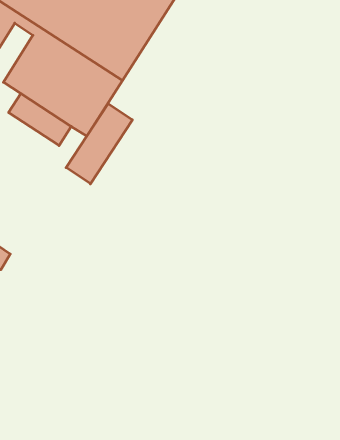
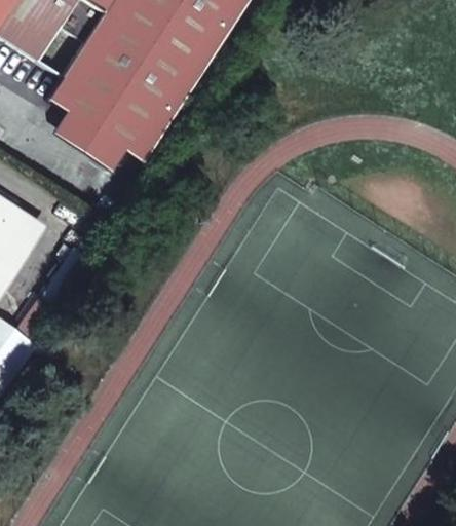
building: [66,103,132,184] -> none

